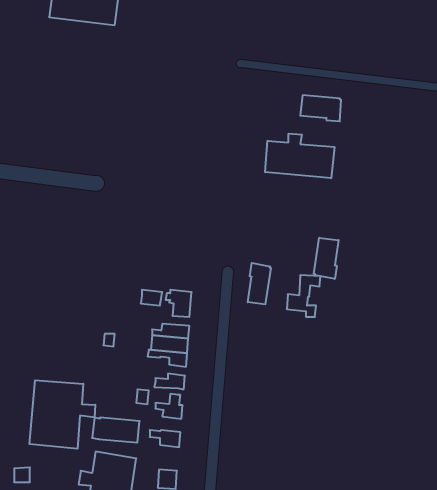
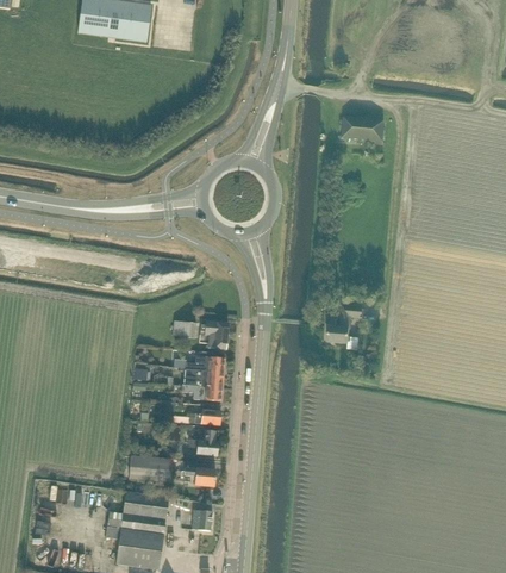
building: [265,134,334,178] -> none
building: [314,238,339,279] -> none
building: [248,263,271,304] -> none
building: [29,380,95,449] -> none

